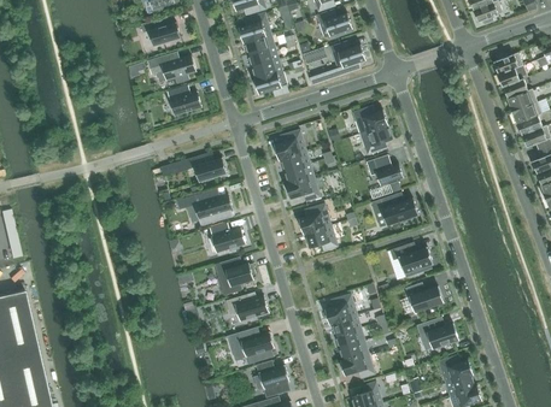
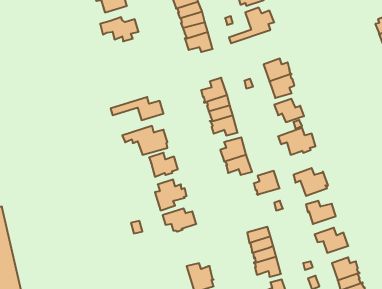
building: [166,85,201,116] -> none
building: [324,294,357,324] -> [254,171,280,195]
building: [228,329,274,364] -> none

